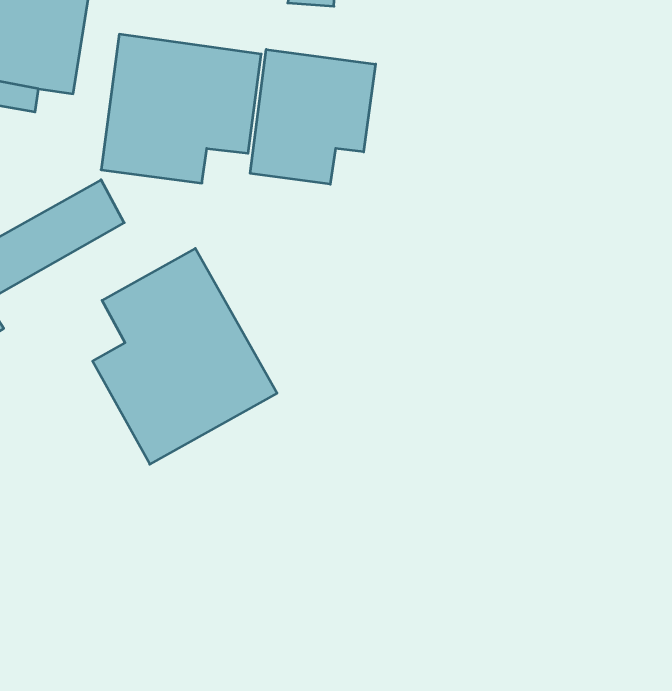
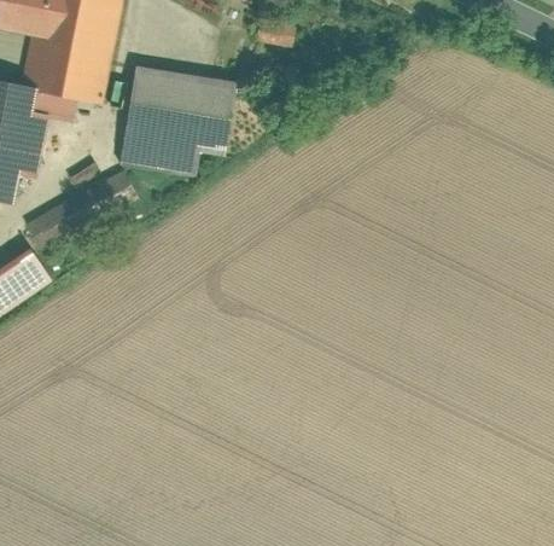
building: [250,49,376,184] -> none
building: [93,248,277,464] -> none

